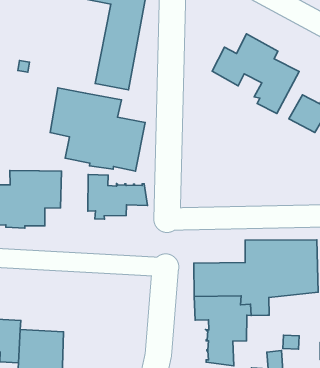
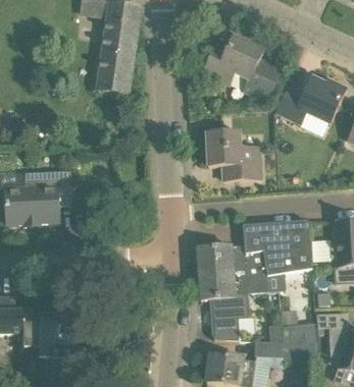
building: [50,88,145,171] -> none
building: none -> [206,130,260,178]
building: [88,174,147,219] -> none

